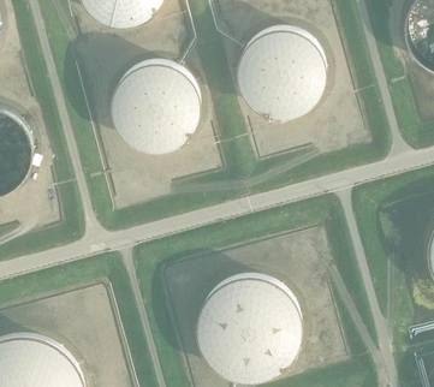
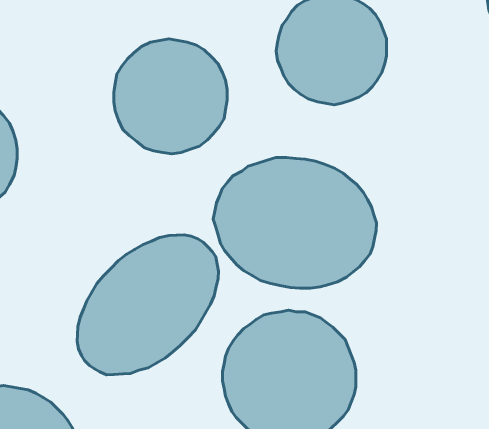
building: none -> [213,158,376,288]
building: none -> [77,235,218,375]

